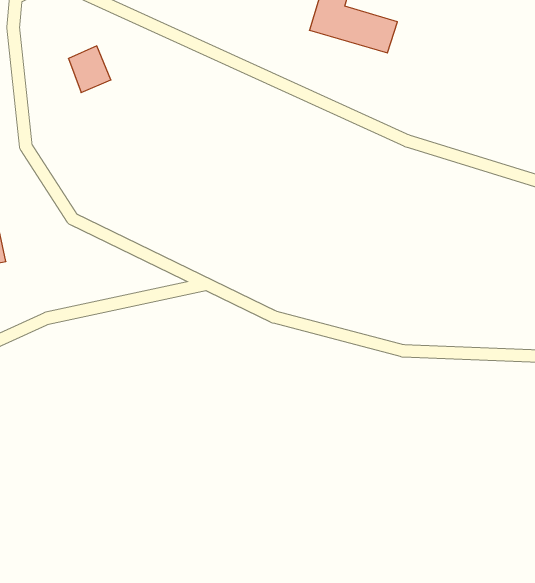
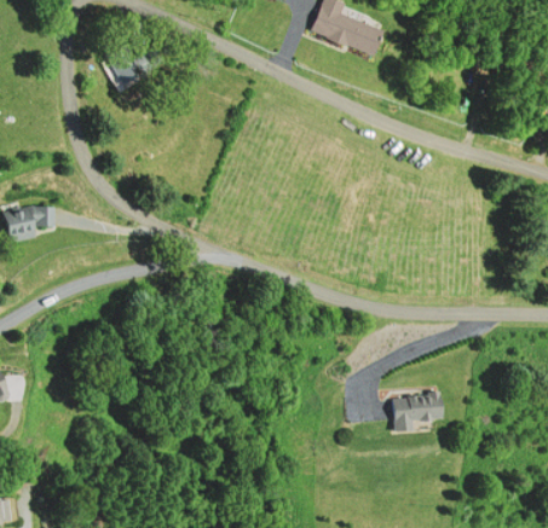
building: none -> [391,393,445,431]

